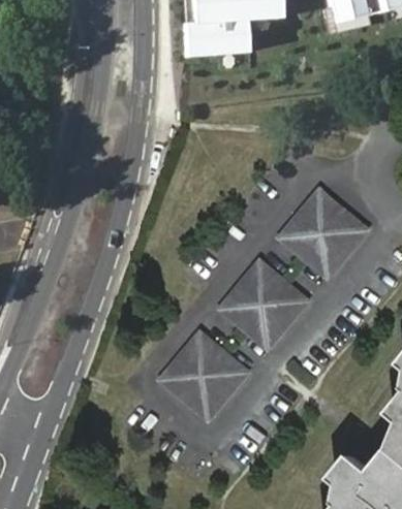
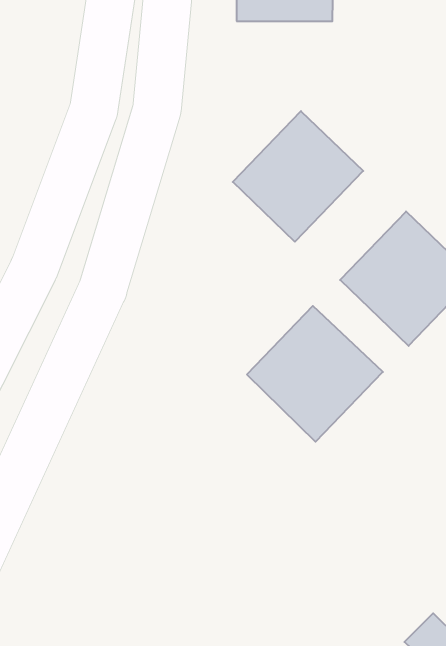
building: none -> [233,111,363,242]
building: [157,323,251,418] -> none

